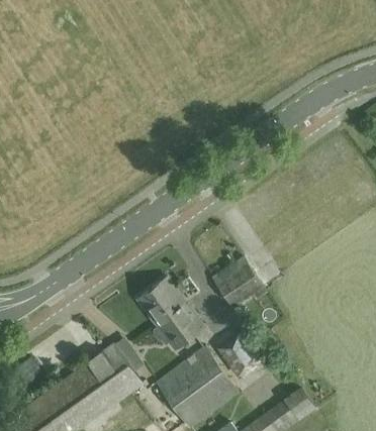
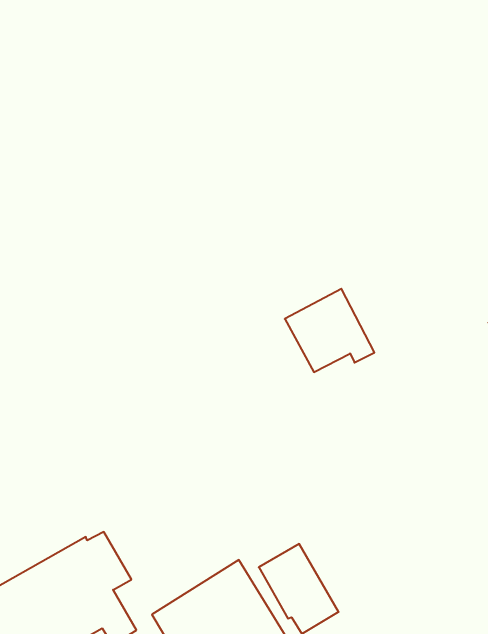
building: [211,257,266,308] -> [285,289,374,372]
building: [136,278,203,349] -> none

